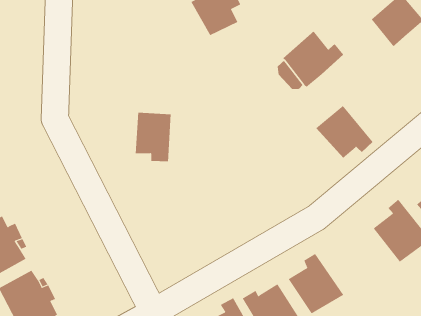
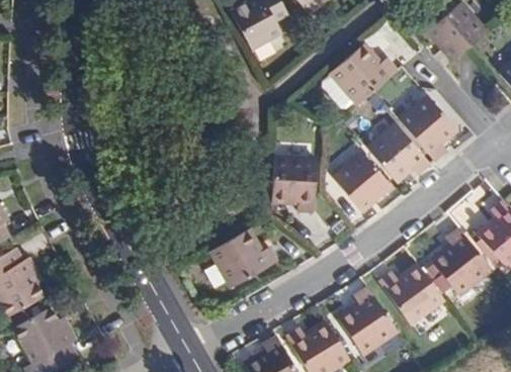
building: none -> [401,97,457,162]
building: [135,112,172,162] -> [271,157,312,211]
building: none -> [334,153,394,211]
building: none -> [211,228,278,286]
building: none -> [380,265,447,324]

